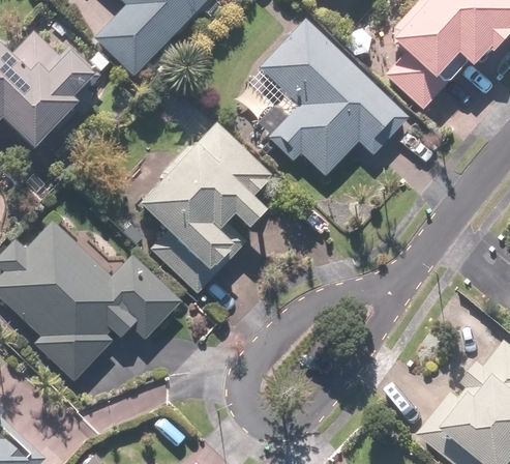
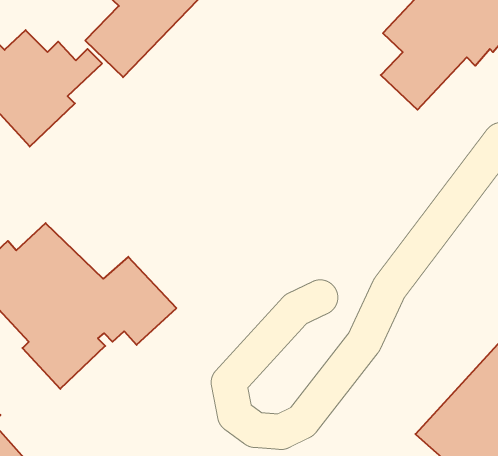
building: [260,17,407,176] -> none
building: [141,119,277,291] -> none

